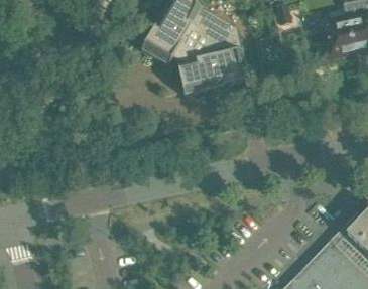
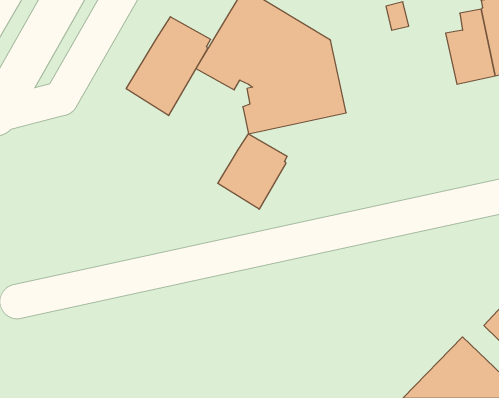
building: none -> [126,17,211,116]
building: none -> [218,134,287,209]

